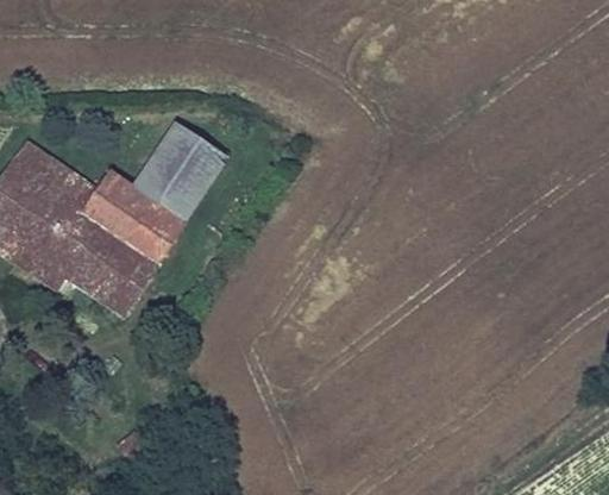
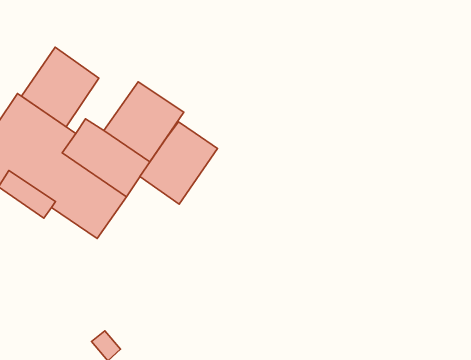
building: none -> [22,47,99,127]
building: none -> [140,122,218,204]

